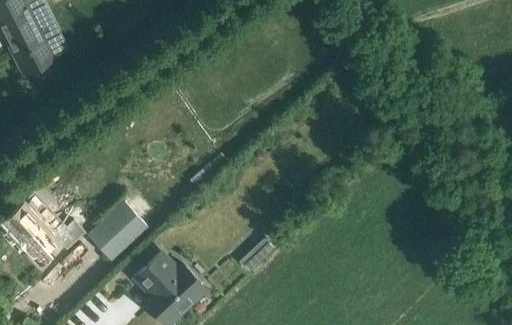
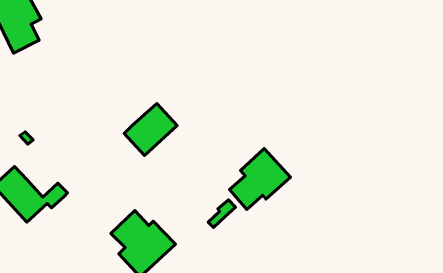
building: none -> [229,149,291,209]
building: [88,201,148,260] -> [124,103,177,155]

